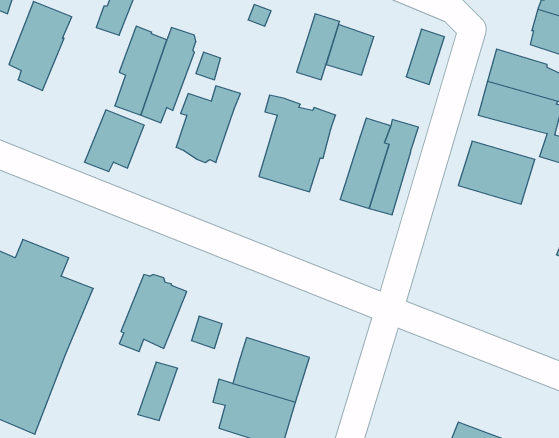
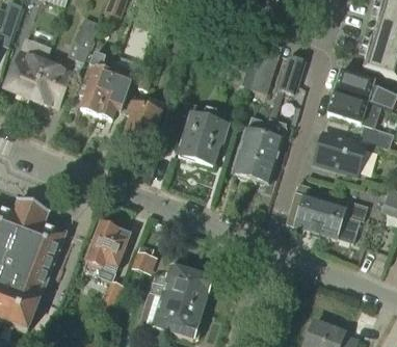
building: [297,14,340,80] -> [250,49,280,94]
building: [84,110,144,171] -> [32,62,73,104]
building: none -> [286,182,364,242]

